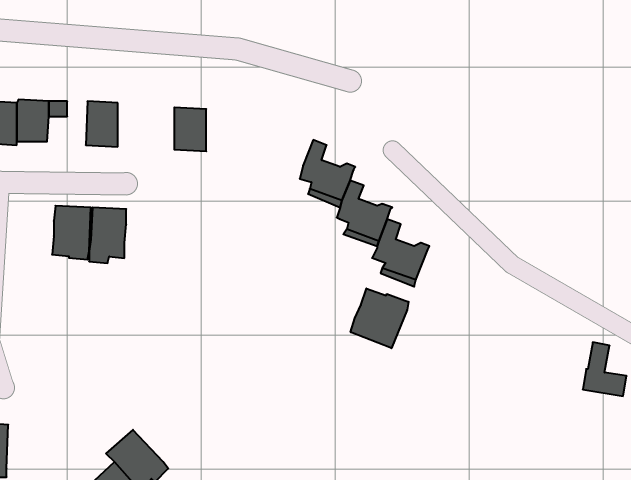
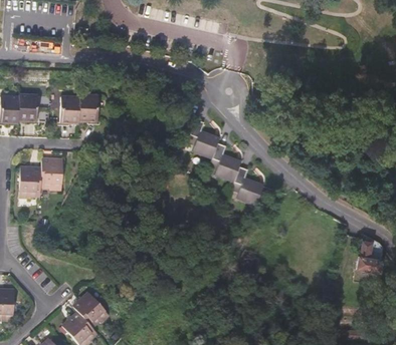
building: [174,107,206,151] -> [78,94,97,120]
building: [89,207,126,263] -> [18,165,40,199]
building: [351,288,409,348] -> none

